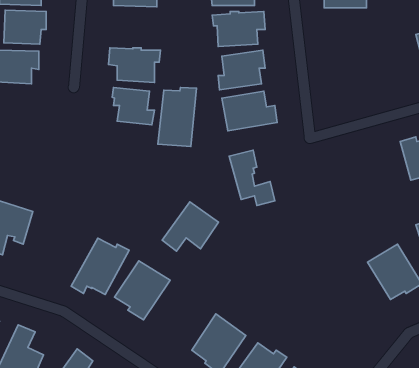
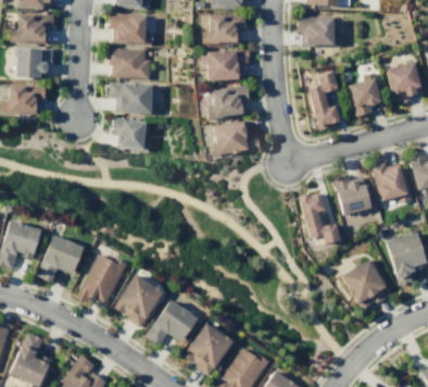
building: none -> [108,48,151,79]
building: none -> [306,72,339,130]
building: none -> [349,72,383,116]
building: [158,88,197,146] -> none
building: [229,150,275,206] -> [299,194,340,244]
building: none -> [333,176,370,214]
building: [162,202,219,251] -> [146,300,197,345]
building: none -> [37,235,83,282]

